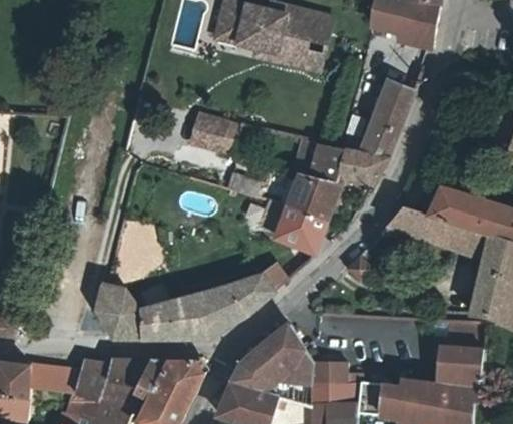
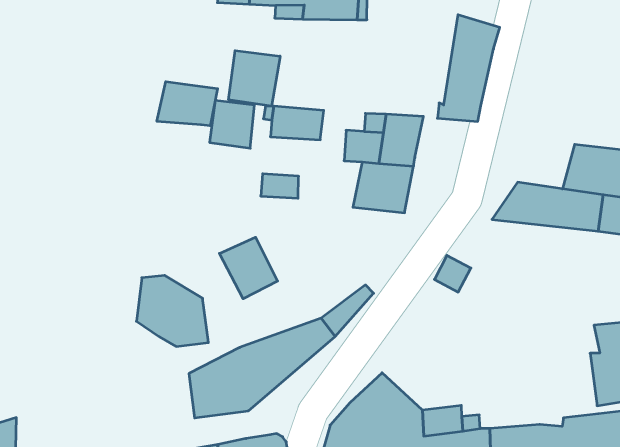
building: none -> [229,51,280,106]
building: none -> [157,82,218,126]
building: [338,146,388,184] -> none
building: [276,204,324,250] -> none
building: none -> [219,237,278,299]
building: [96,285,147,340] -> [136,275,208,346]

